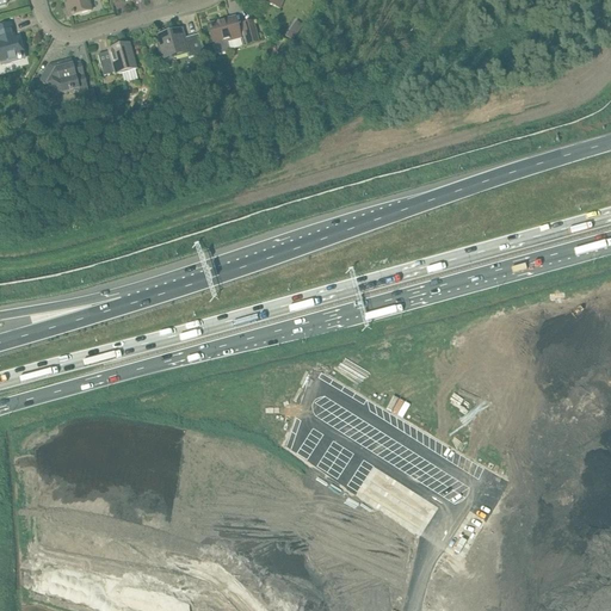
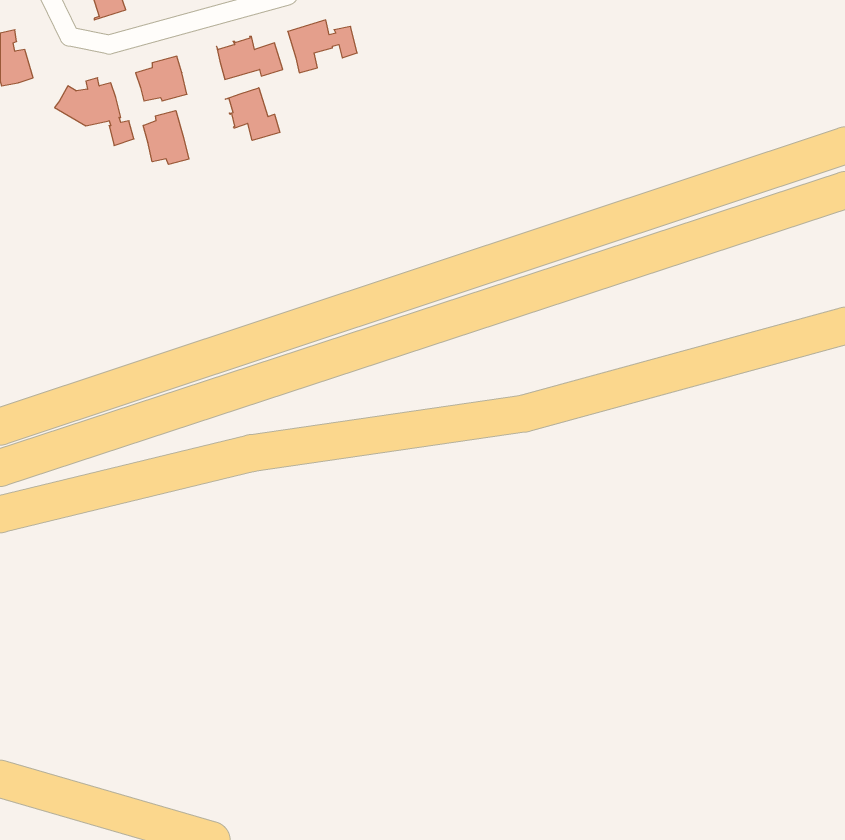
building: none -> [225,88,280,140]
building: none -> [143,111,189,164]

